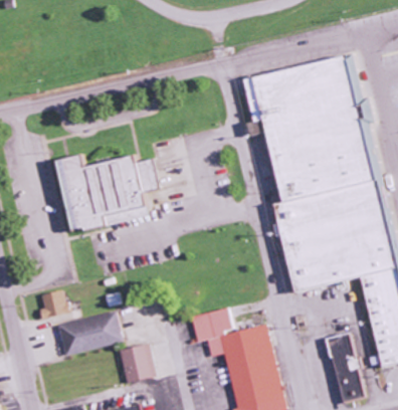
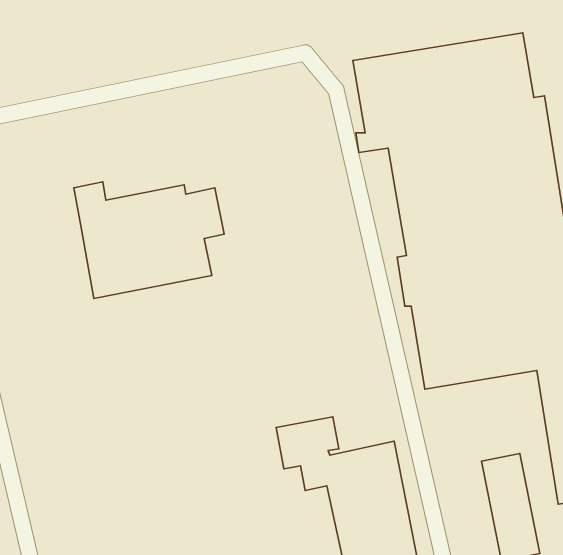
building: [38,290,68,320] -> none
building: [57,313,123,356] -> none
building: [119,344,156,384] -> none

